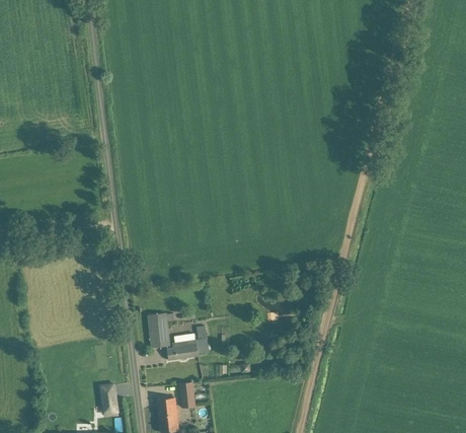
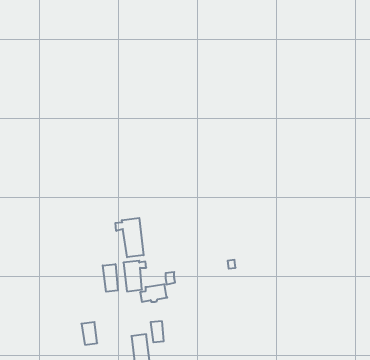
building: none -> [115,218,144,257]
building: none -> [103,264,118,292]

